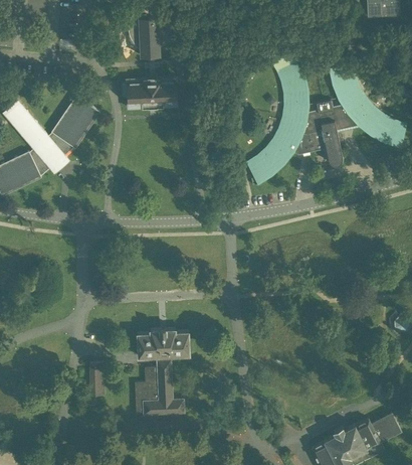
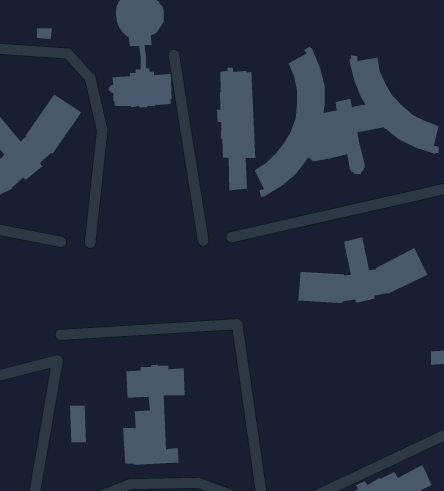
building: none -> [216,67,256,191]
building: none -> [298,236,428,304]

